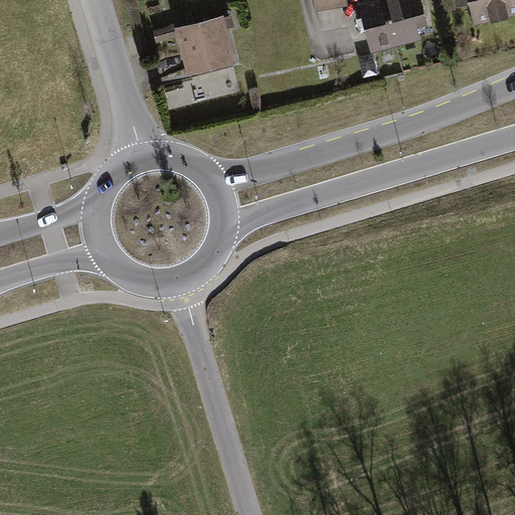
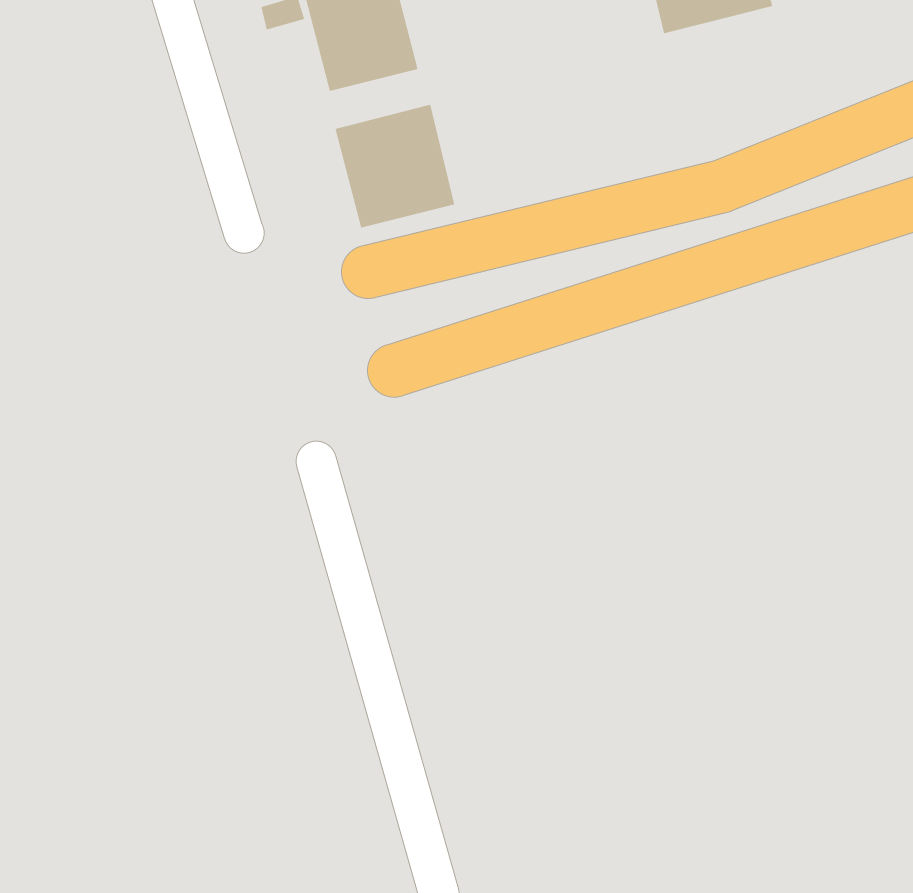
building: none -> [334,104,455,229]

